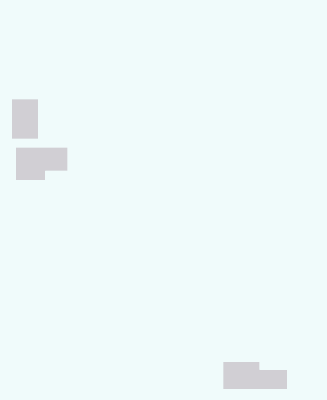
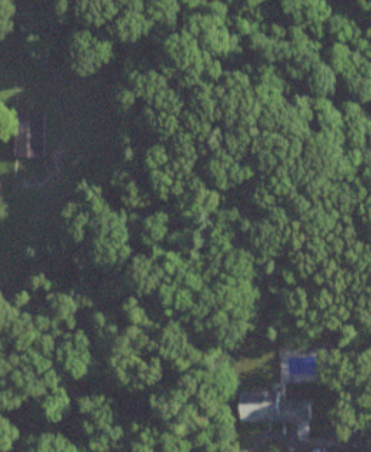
building: [15,147,68,181] -> none

